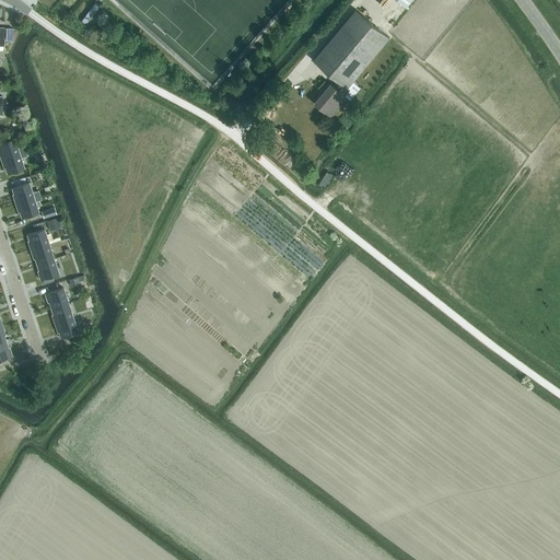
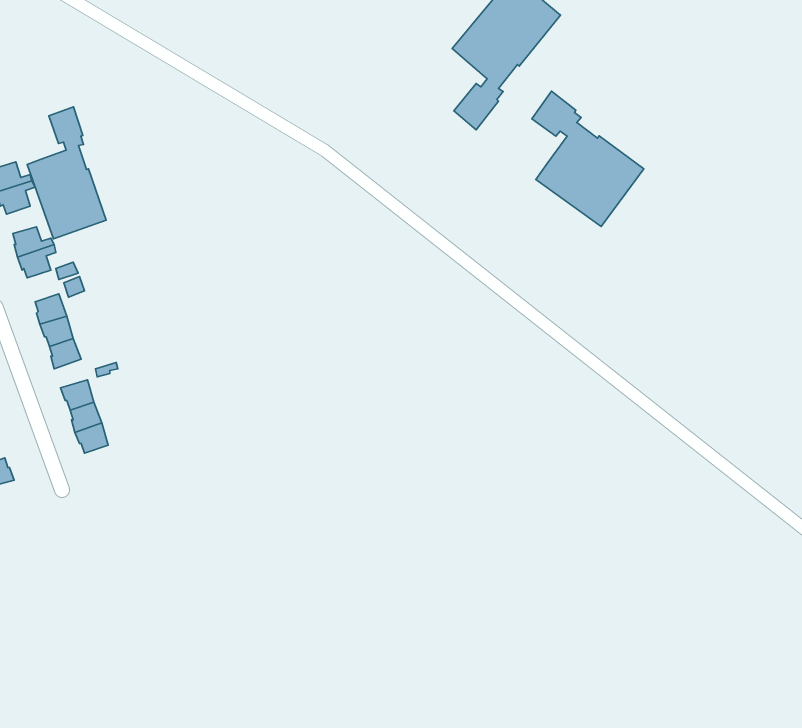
building: none -> [532,91,644,226]
building: none -> [27,107,106,239]

